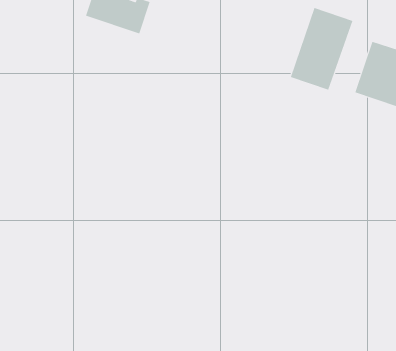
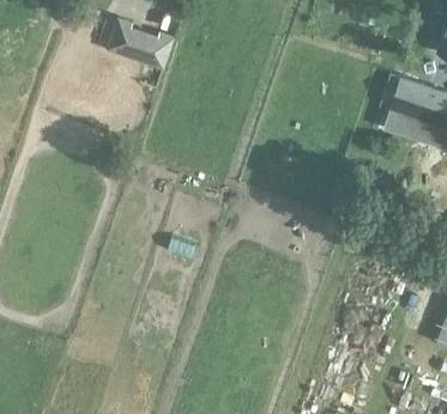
building: [290,7,353,90] -> none

